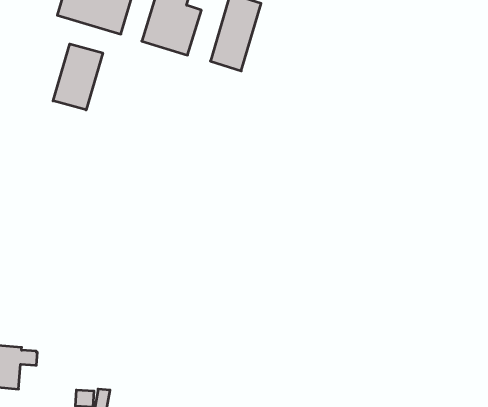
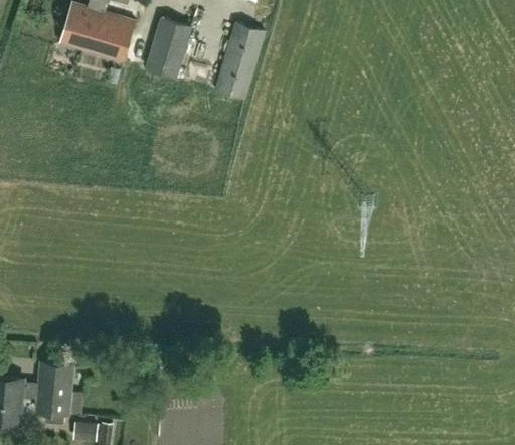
building: [53,44,103,110] -> none
building: none -> [36,363,82,425]

